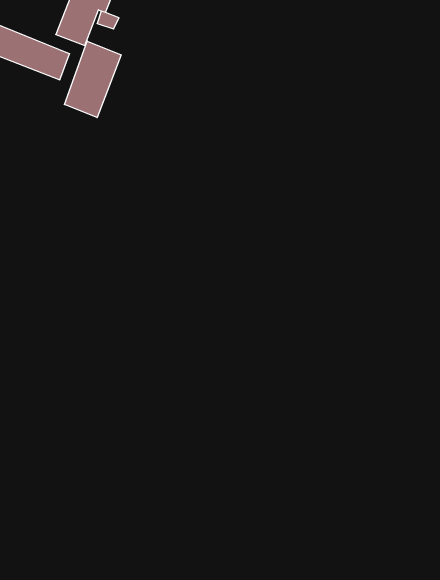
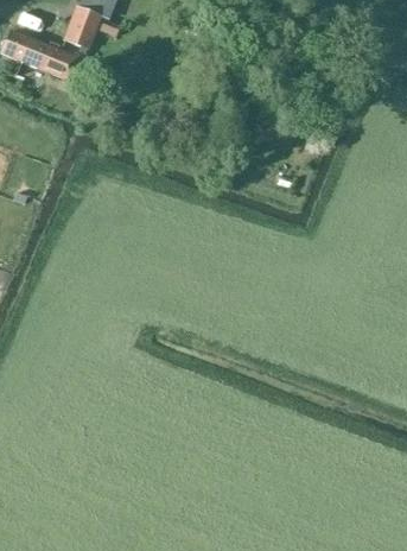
building: [64,41,121,118] -> none

